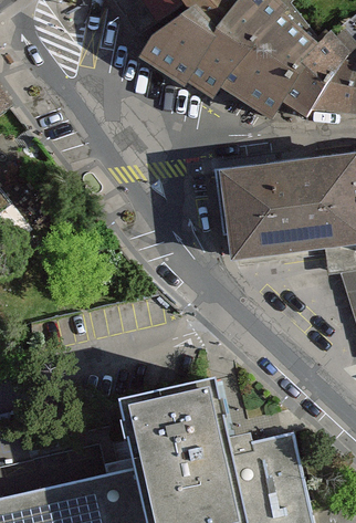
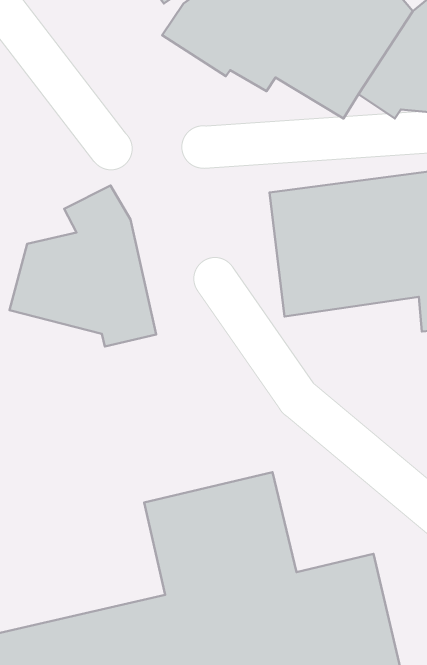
building: none -> [9,185,156,347]

